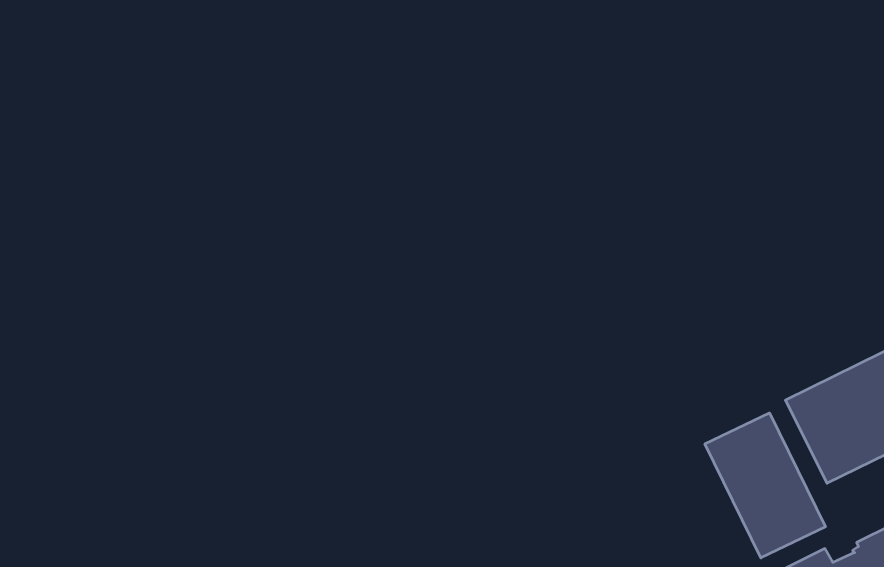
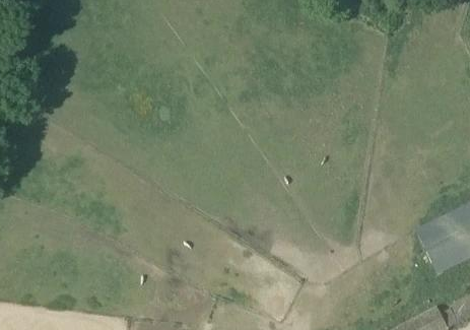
building: [705,413,825,558] -> none

